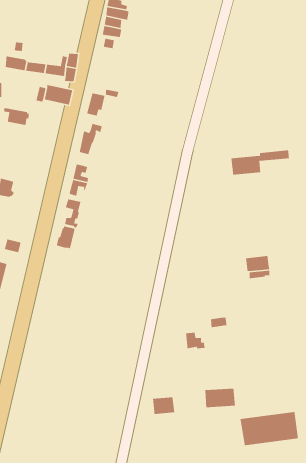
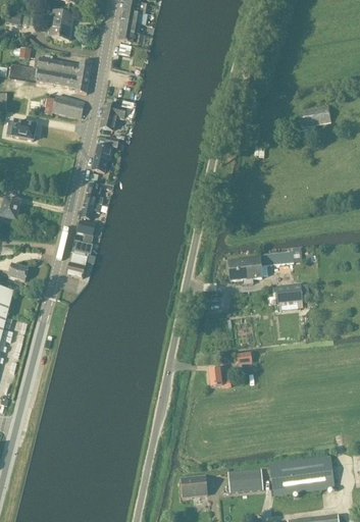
building: none -> [48,10,72,39]
building: none -> [33,54,72,73]
building: none -> [298,104,330,125]
building: [231,150,290,176] -> [227,251,293,279]
building: [205,388,236,408] -> [227,468,262,490]
building: [152,396,175,415] -> [181,475,206,495]

